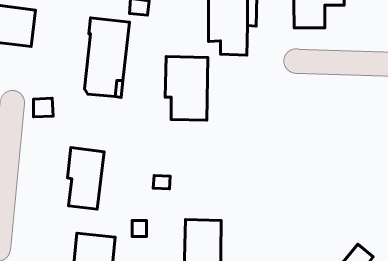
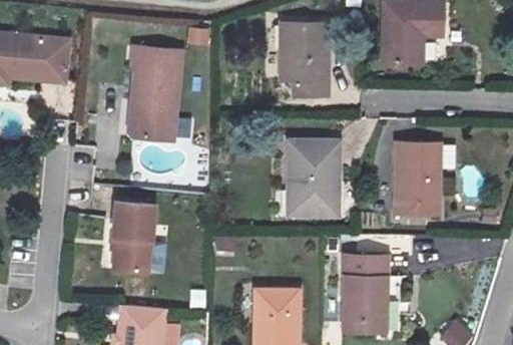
building: [165,57,208,120] -> [286,138,336,214]
building: none -> [395,139,439,214]
building: none -> [342,256,386,332]

